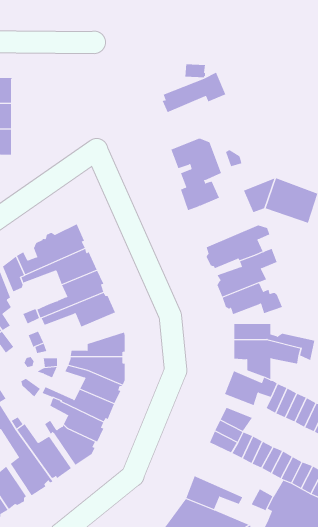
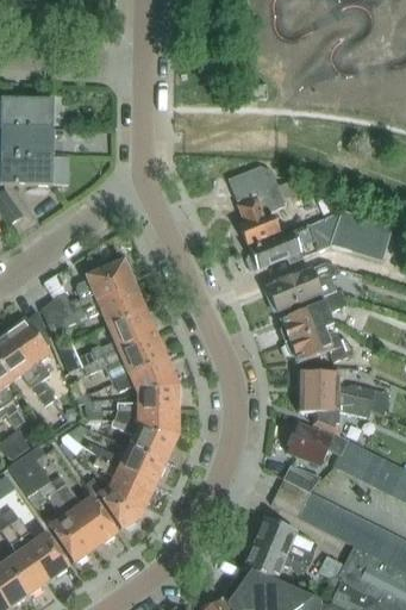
building: [162,72,226,113] -> [249,224,320,269]
building: none -> [115,360,177,394]
building: none -> [255,517,316,565]

